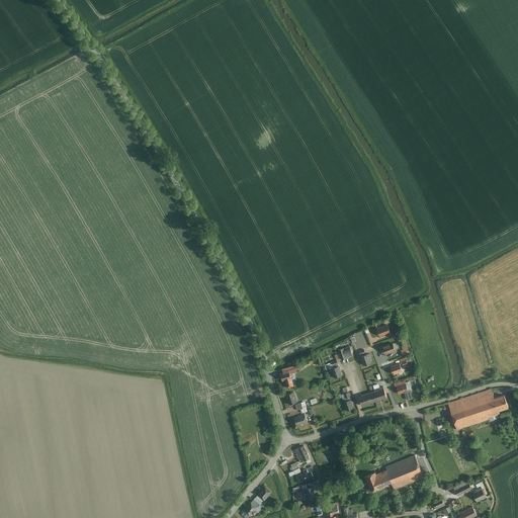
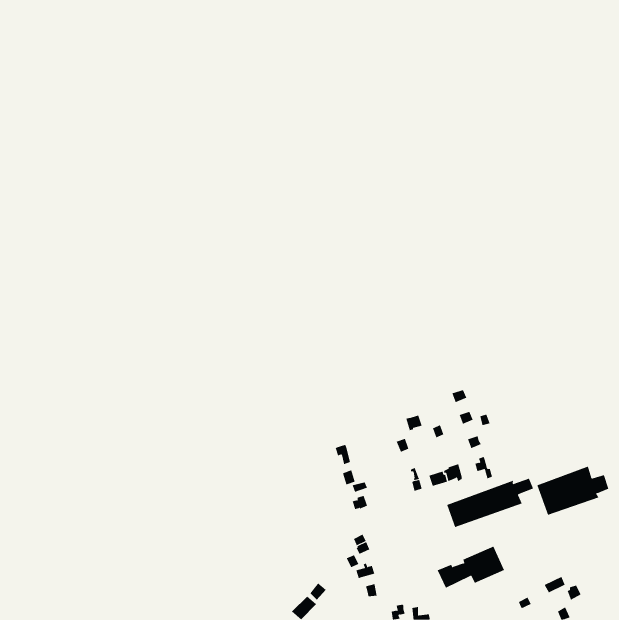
building: none -> [446,478,534,528]

